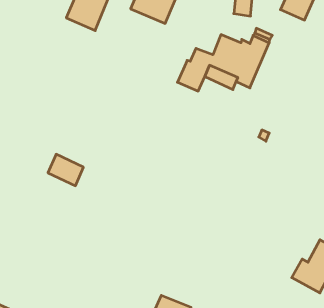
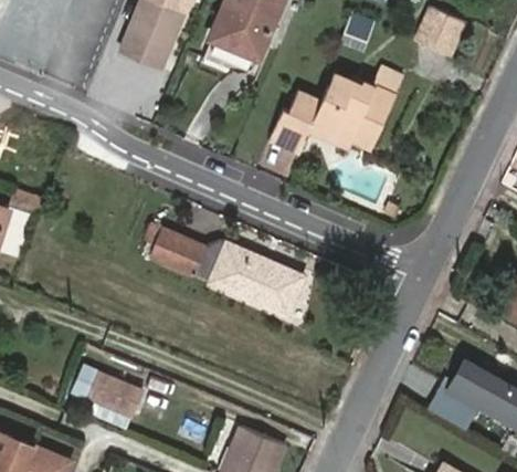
building: [48,154,83,186] -> [154,229,202,272]
building: none -> [213,244,302,313]
building: none -> [88,370,146,418]

